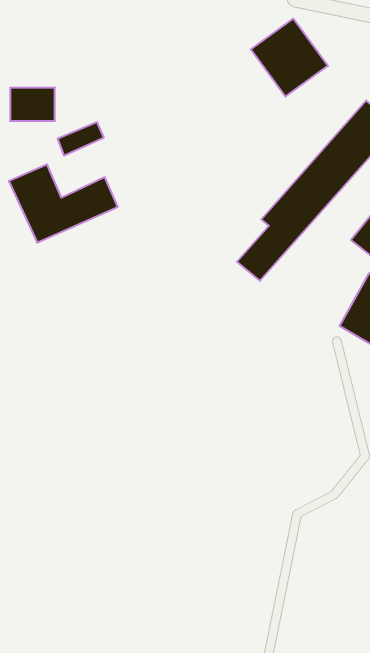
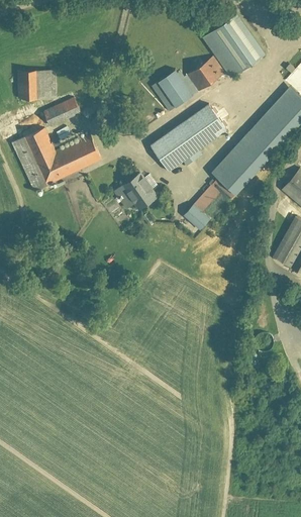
building: none -> [150,59,223,114]
building: none -> [150,107,223,171]
building: none -> [115,176,156,216]

